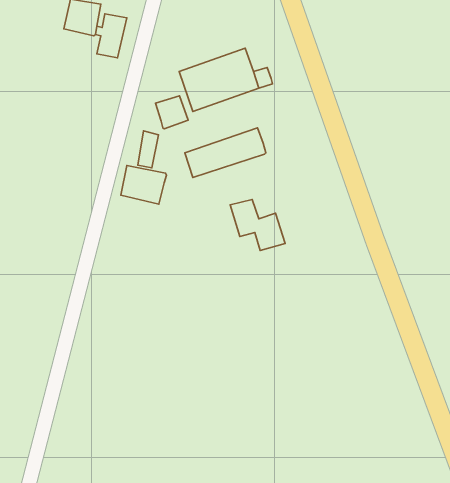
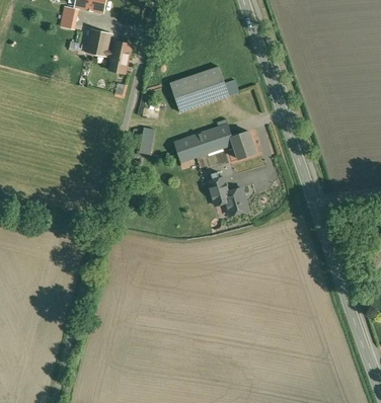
building: [155,96,188,129] -> none
building: none -> [232,131,255,159]
building: [121,166,166,204] -> none

